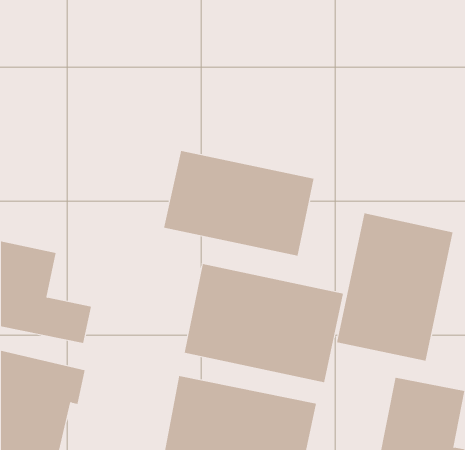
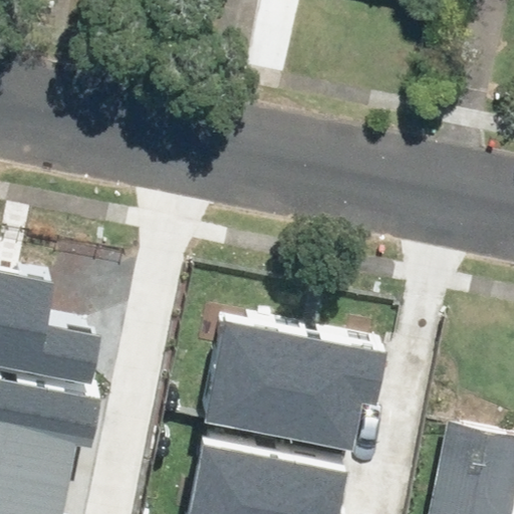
building: [164,150,314,257] -> none
building: [336,212,453,362] -> none

